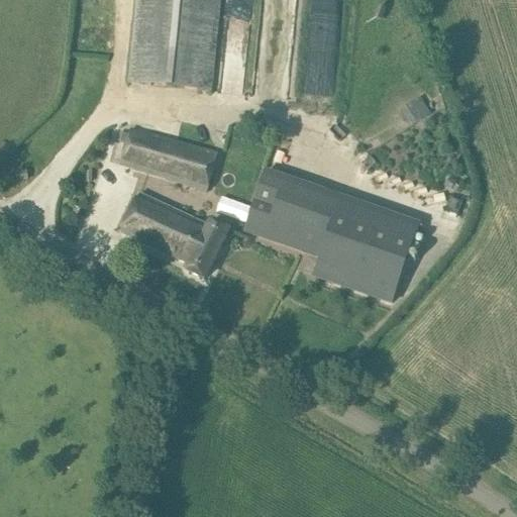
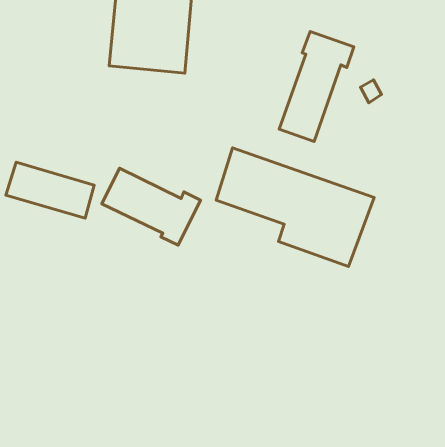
building: none -> [279,31,354,142]
building: [119,126,216,188] -> [6,162,94,218]

